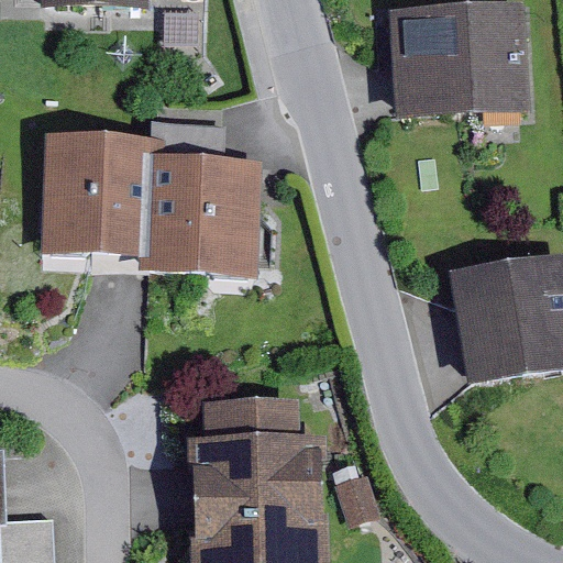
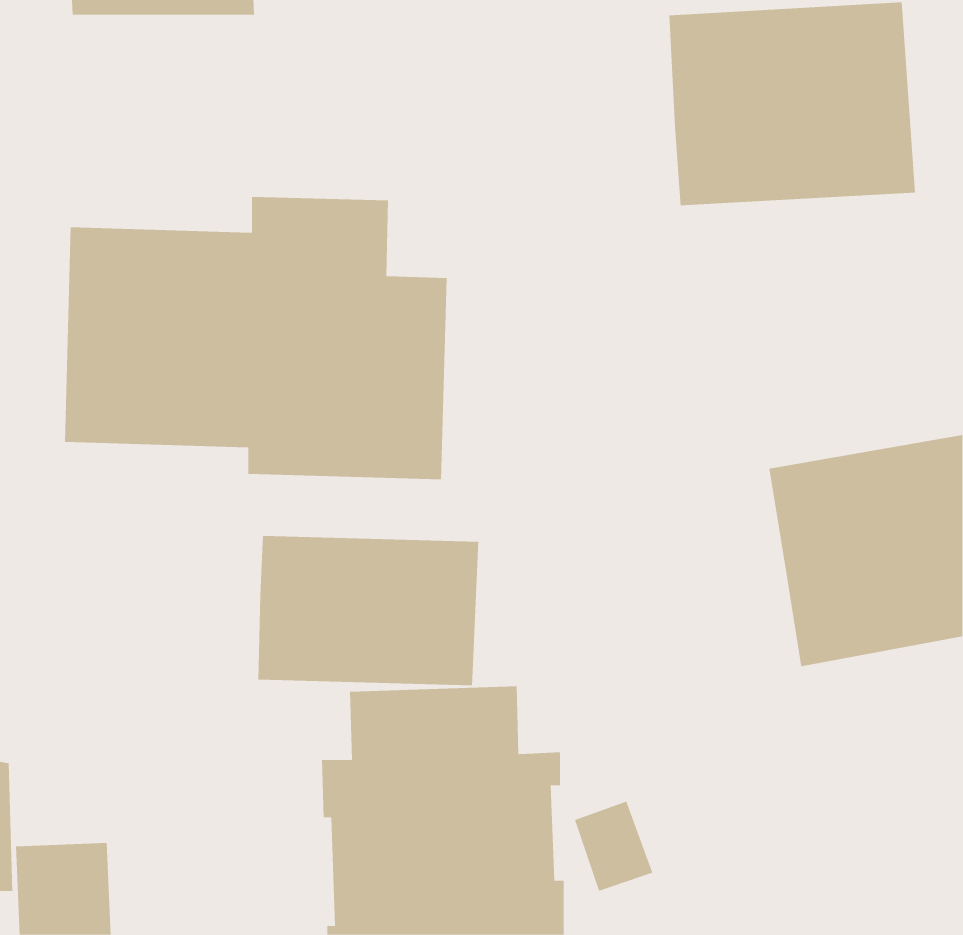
building: none -> [258,535,479,686]

